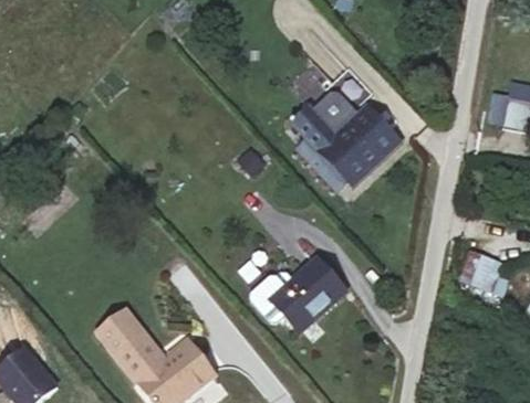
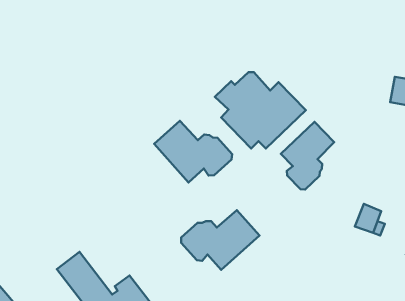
building: none -> [154,121,232,182]
building: none -> [281,122,334,189]

